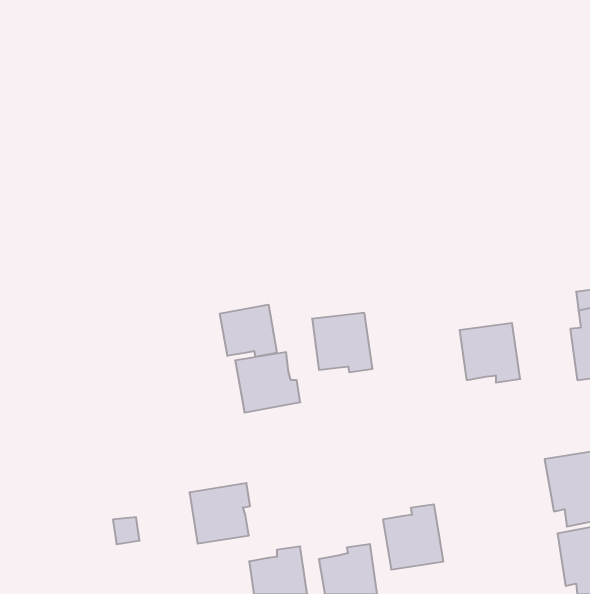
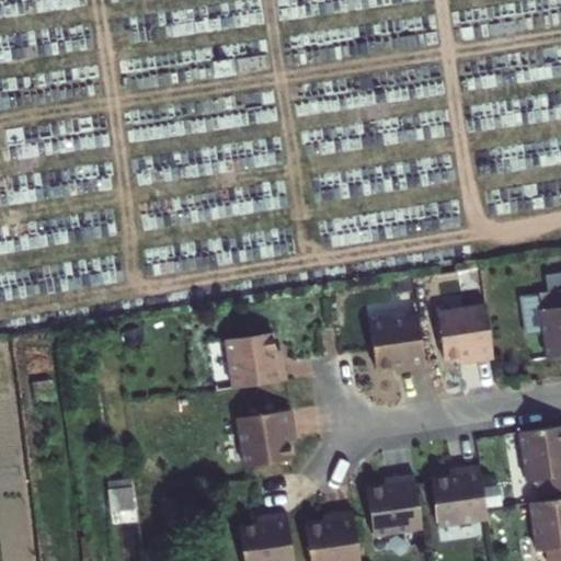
building: [220,305,277,357] -> none
building: [312,313,373,372] -> [369,314,426,370]
building: [189,483,250,544] -> [239,410,296,467]
building: none -> [431,467,486,528]

